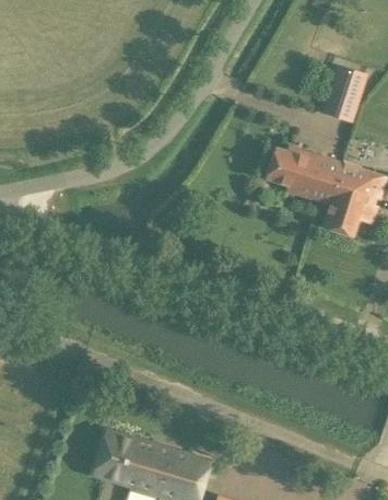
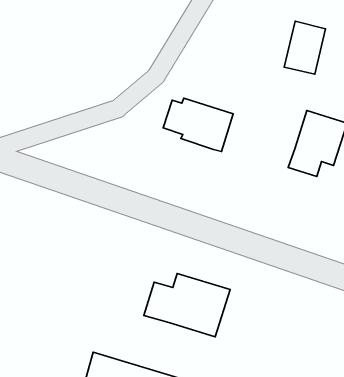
building: [266,144,343,204] -> [163,98,233,151]
building: none -> [144,274,230,337]

